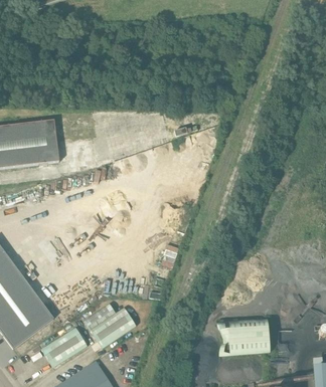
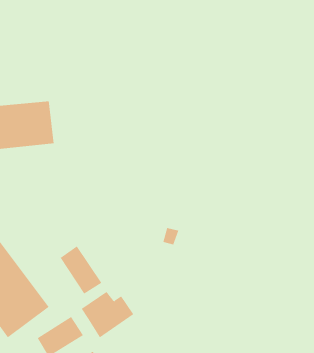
building: none -> [60,246,102,294]
building: [217,318,266,354] -> none

